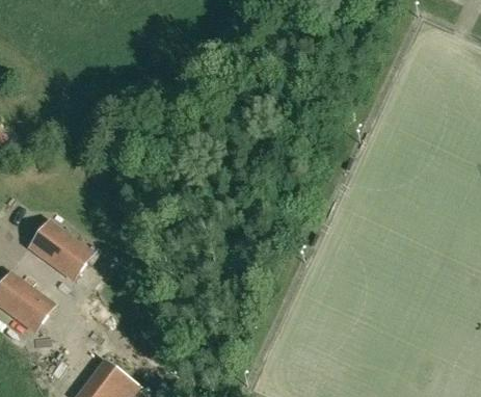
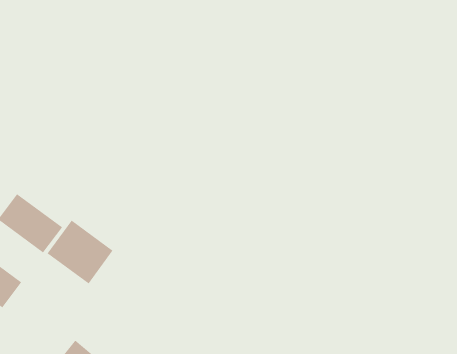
building: none -> [47,219,114,284]

